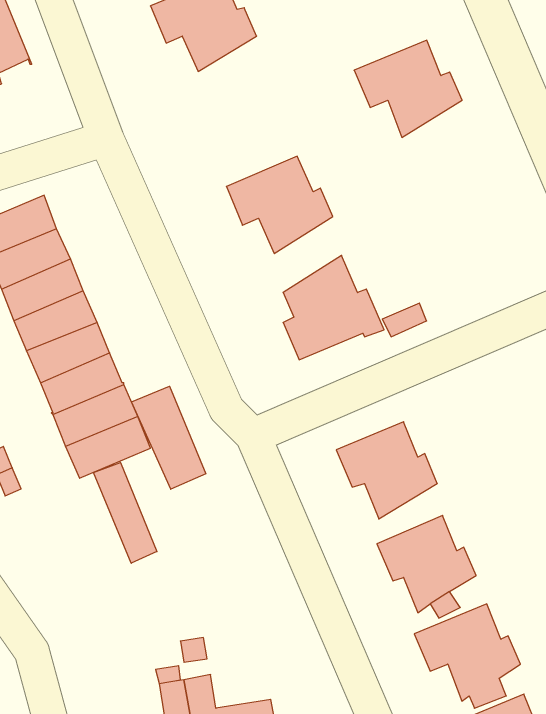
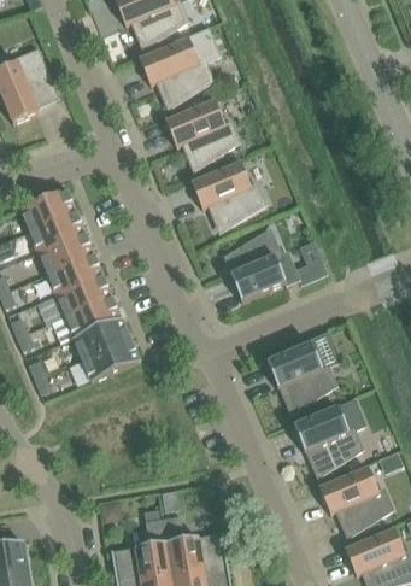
building: [354,40,462,137] -> [164,100,237,166]
building: [131,386,206,489] -> none
building: [93,462,157,563] -> none

